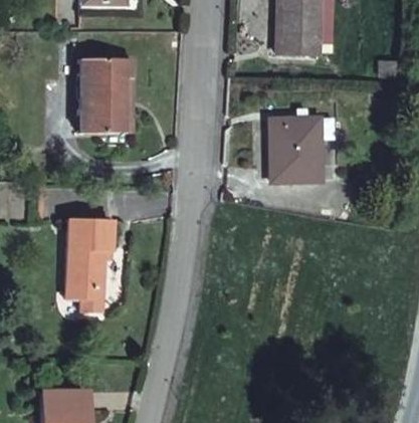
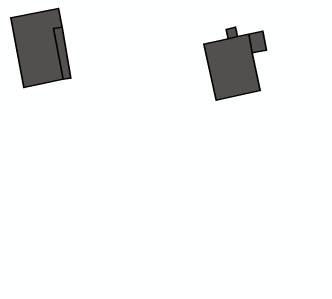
building: [68,219,117,312] -> none

